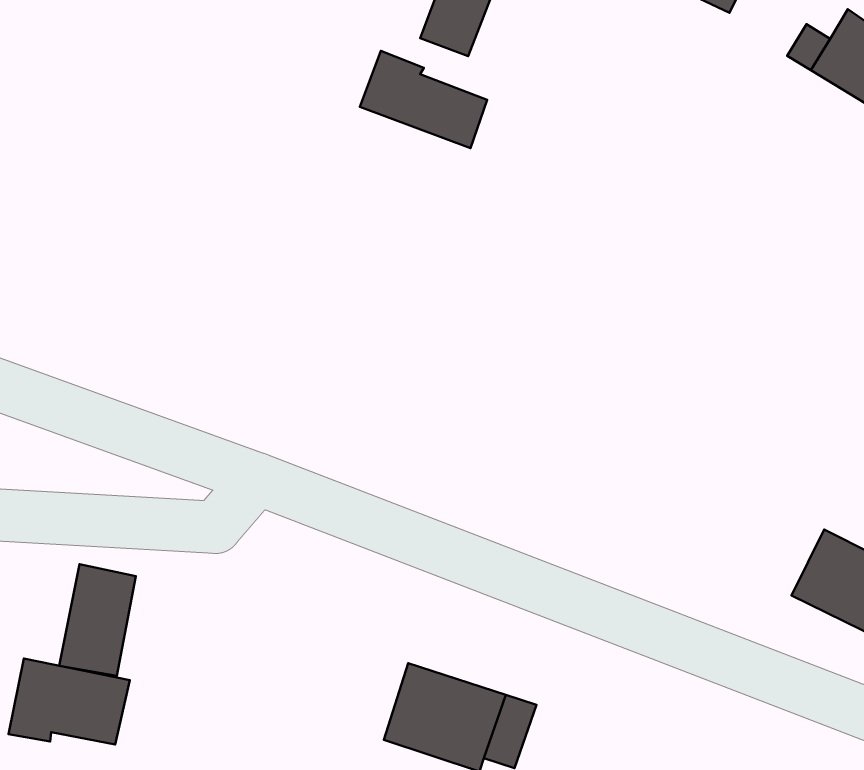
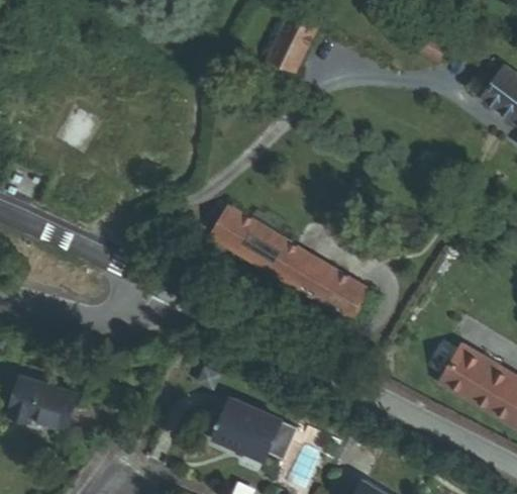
building: [360,51,487,148] -> none
building: none -> [212,208,365,316]
building: [59,564,136,676] -> none

